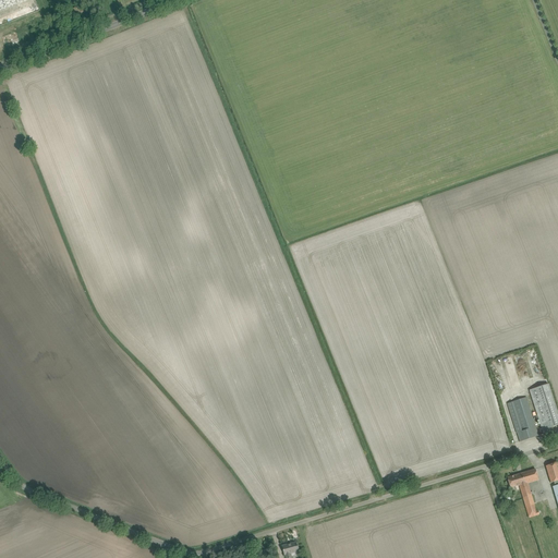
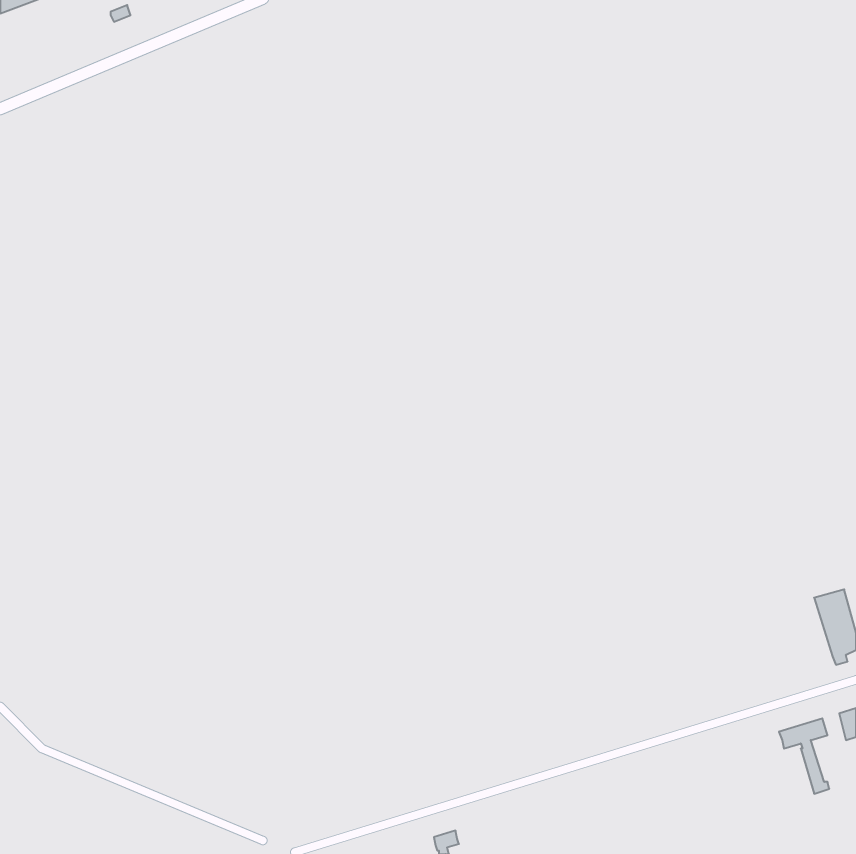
building: [507,397,538,440] -> none

